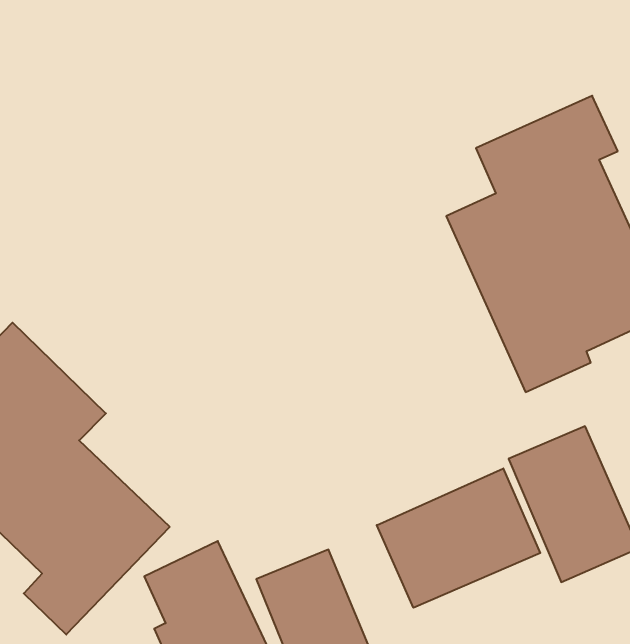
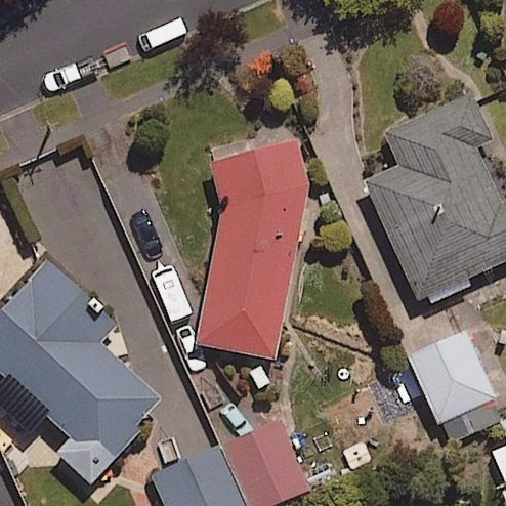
building: none -> [196,138,309,359]
building: [377,468,540,608] -> none

